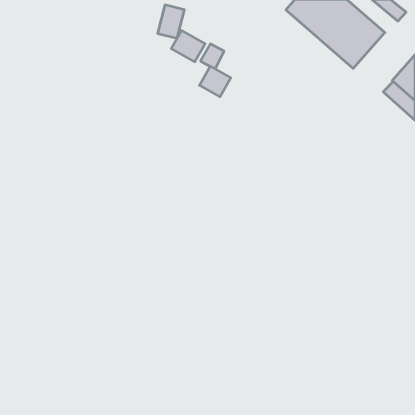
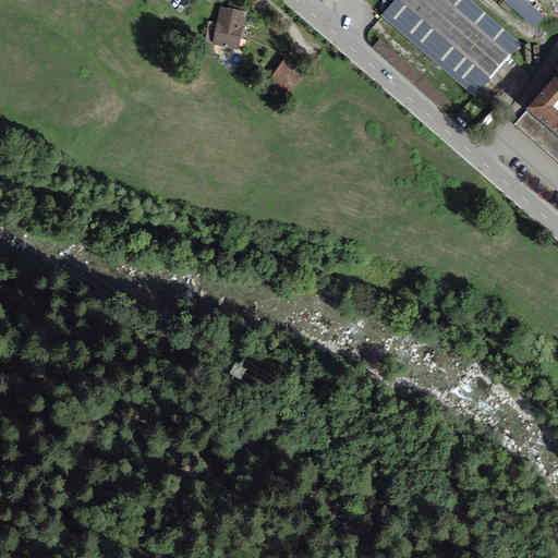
building: [171,31,205,62] -> none
building: [199,66,231,97] -> none

